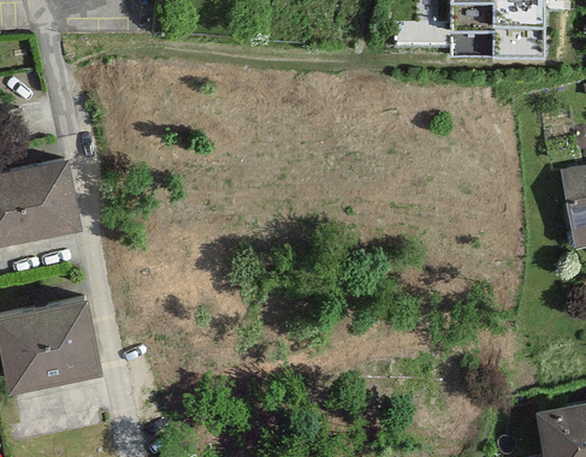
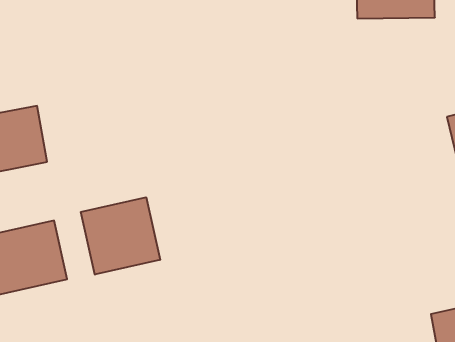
building: none -> [81,197,160,275]

